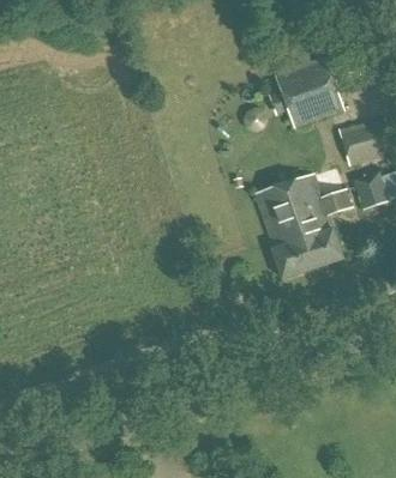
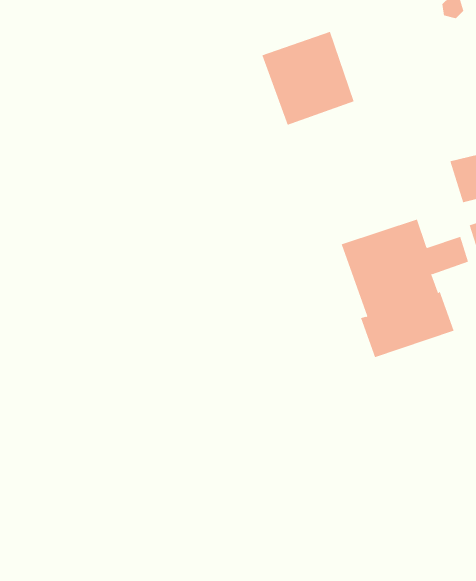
building: [275,56,344,127] -> [262,31,354,126]

